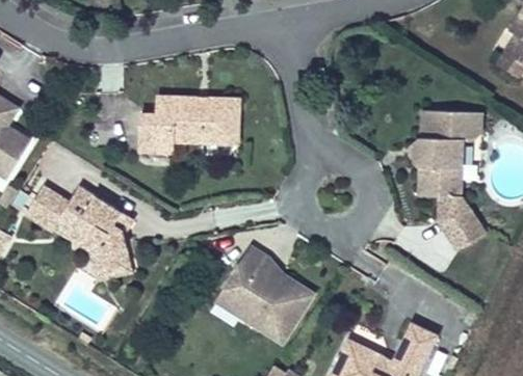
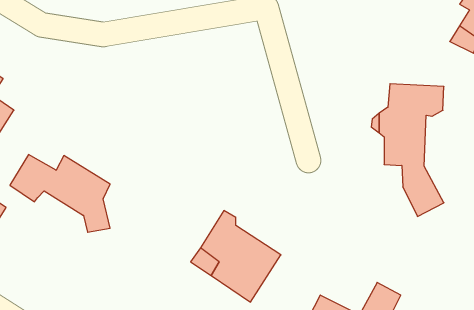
building: [133,97,239,154] -> none
building: [52,224,132,281] -> none

